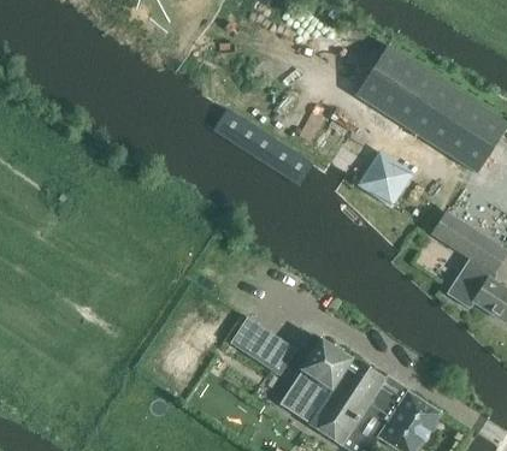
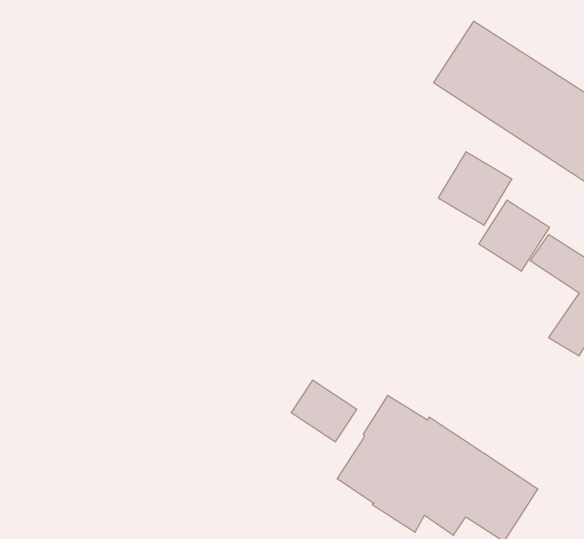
building: [212,107,313,184] -> none
building: none -> [479,200,549,271]

